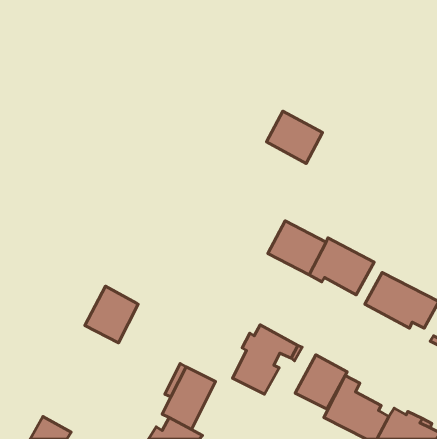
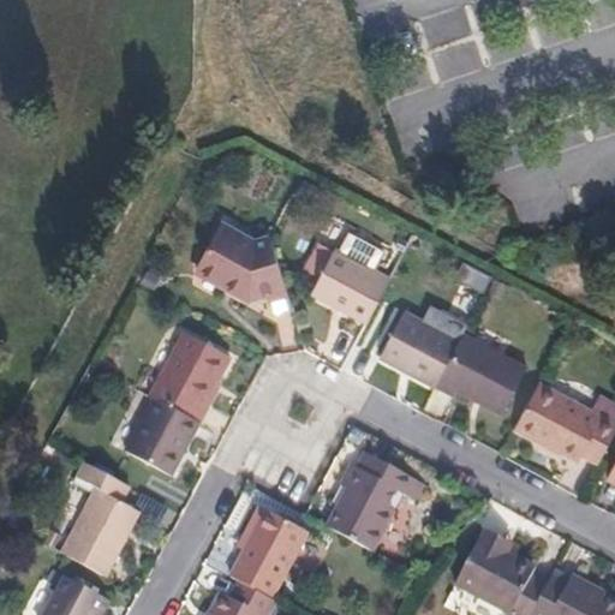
building: [267,111,322,163] -> [309,247,387,321]
building: none -> [198,227,292,318]
building: none -> [147,335,227,424]
building: none -> [61,473,137,580]
building: [295,355,347,409] -> none

